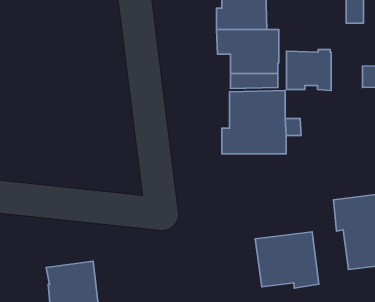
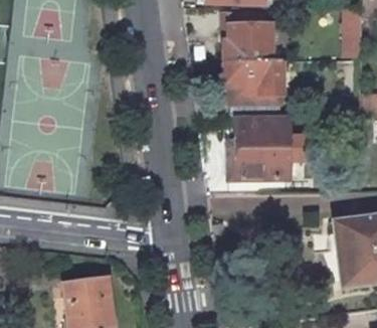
building: [286,50,331,90] -> none
building: [255,232,319,288] -> none

